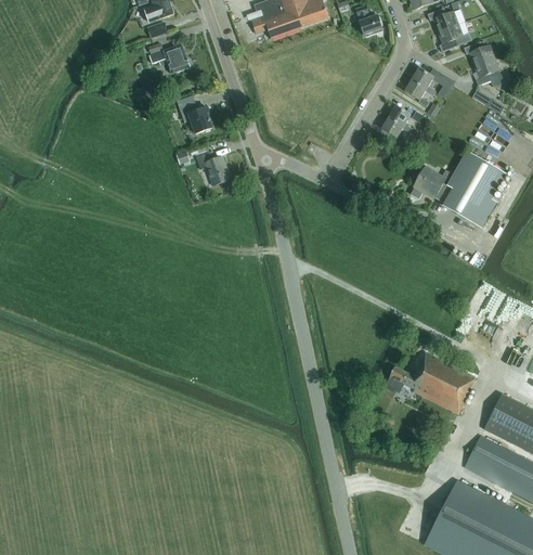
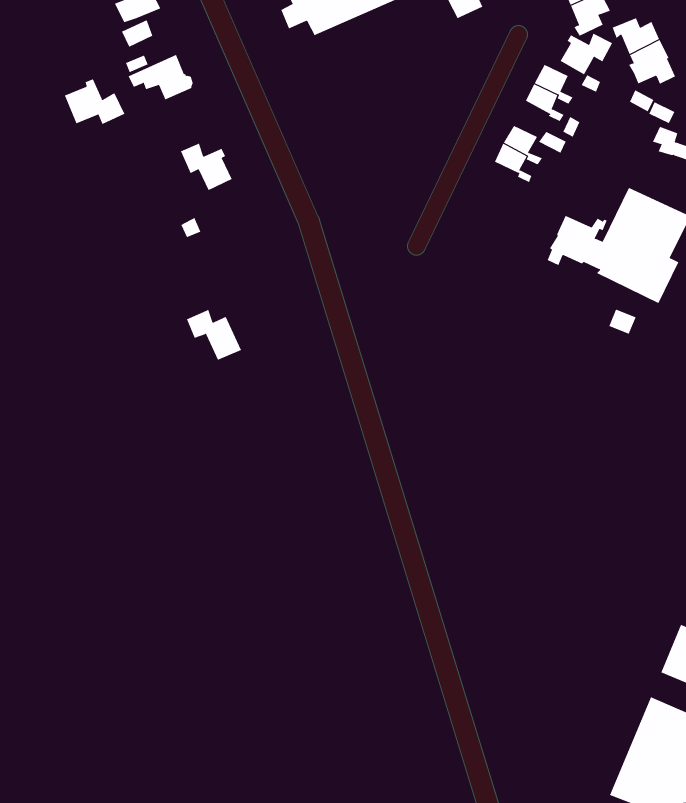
building: none -> [560,33,613,75]
building: none -> [64,78,125,125]
building: [195,151,230,184] -> [186,309,242,360]
building: [385,352,474,413] -> none

